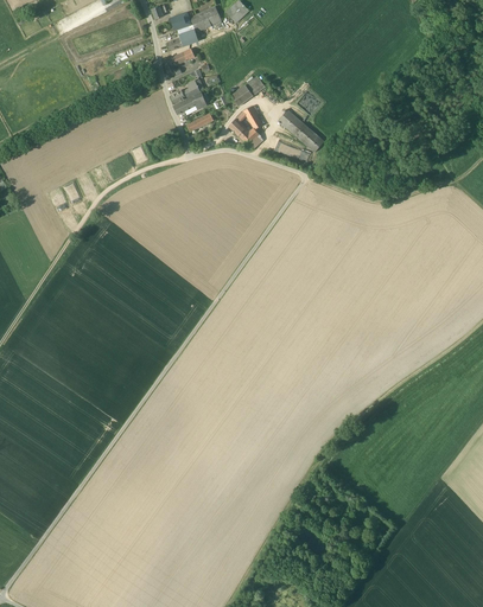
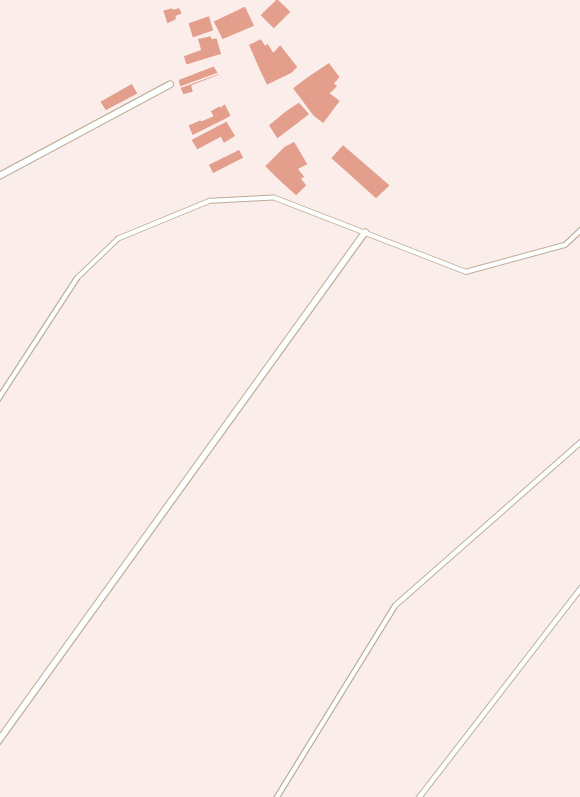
building: none -> [248,38,298,86]
building: none -> [292,62,341,124]

